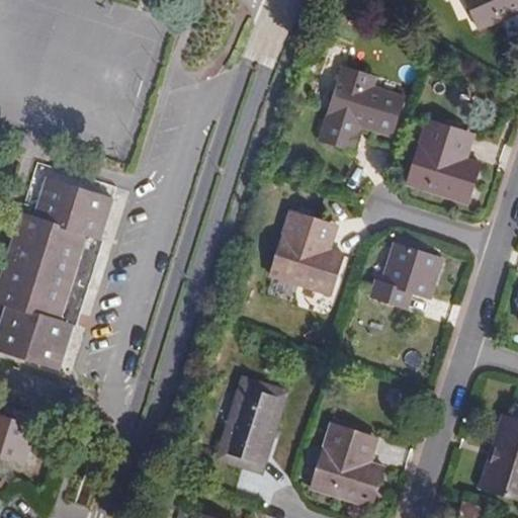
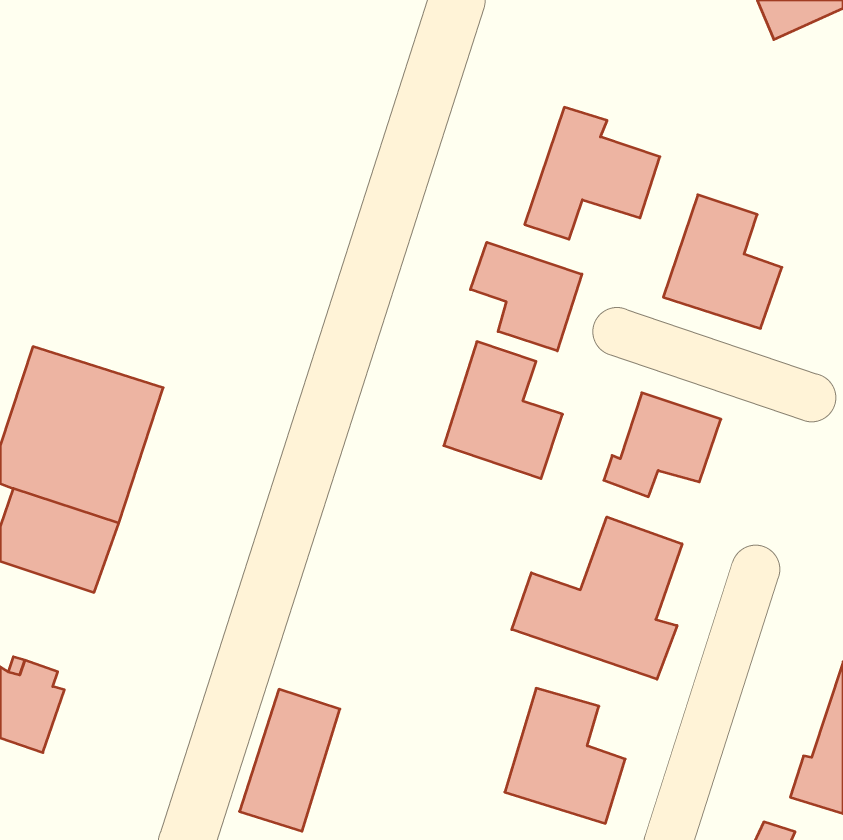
building: none -> [470,242,582,351]
building: [22,166,121,240] -> none
building: none -> [512,517,682,679]
building: [223,382,284,469] -> [239,689,340,831]

